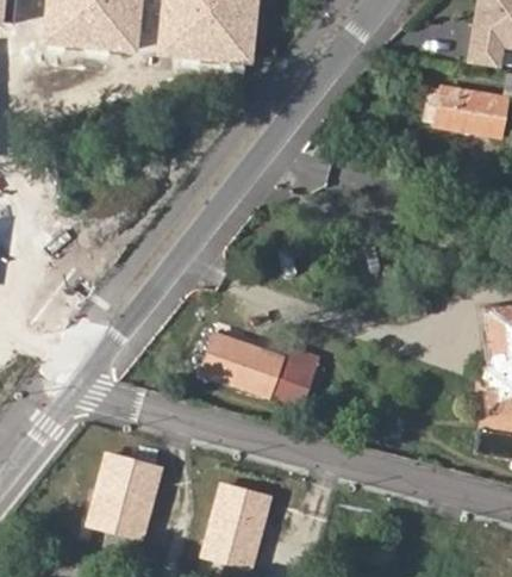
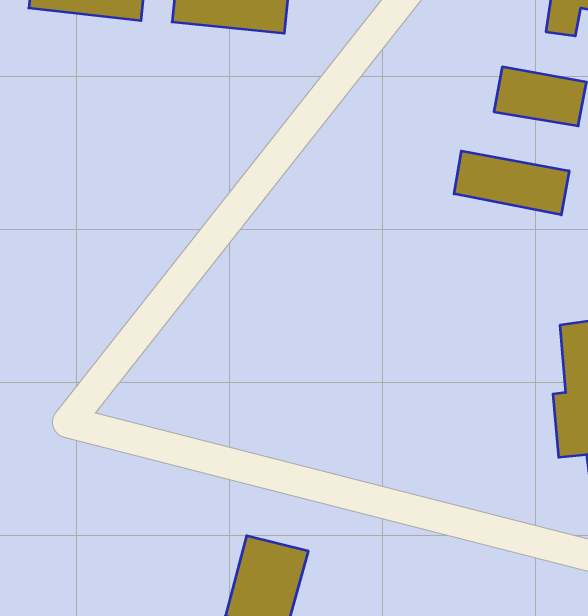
building: none -> [454,151,569,215]
building: [205,331,321,408] -> none
building: [90,453,161,535] -> none

